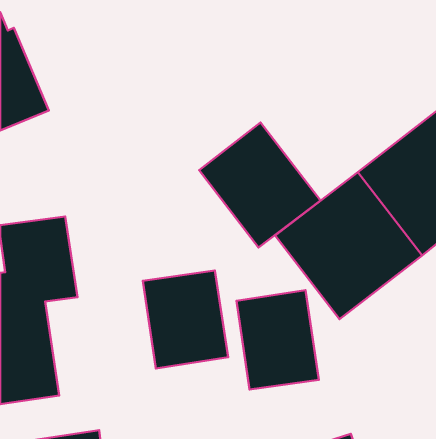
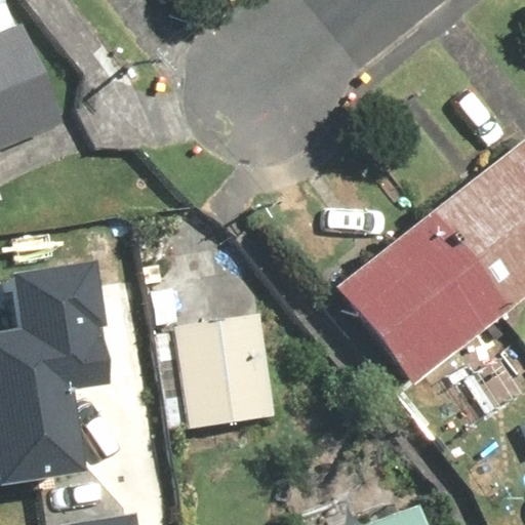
building: [199,123,321,247] -> none
building: [237,290,319,389] -> none

